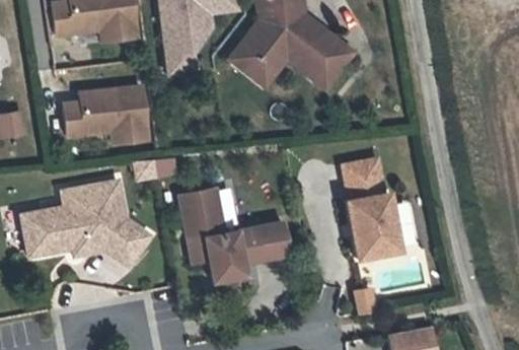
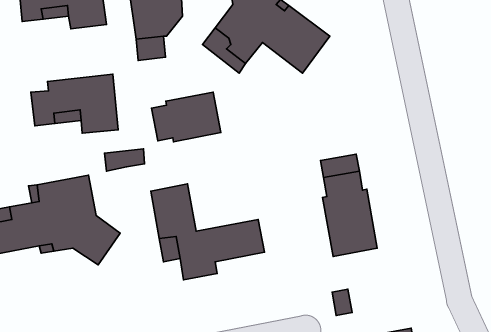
building: none -> [151,92,221,142]

